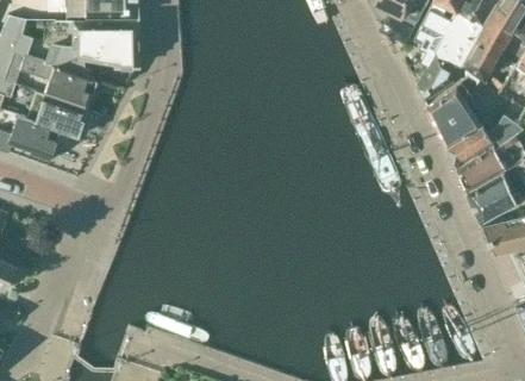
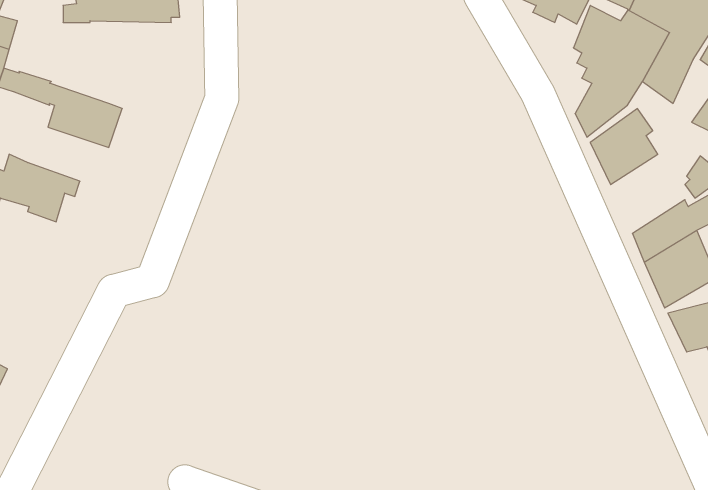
building: [48,20,140,79] -> none
building: [32,95,89,138] -> none
building: [443,114,494,167] -> none

